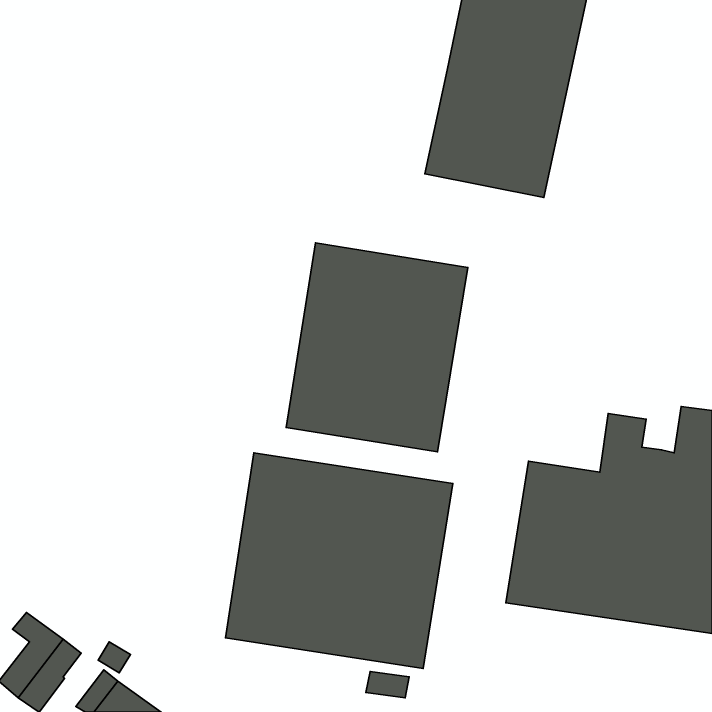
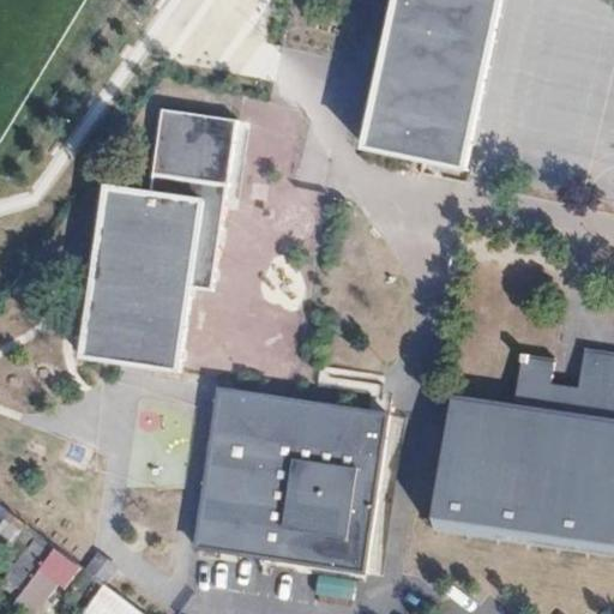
building: none -> [79,106,236,371]
building: [286,243,468,452] -> none

